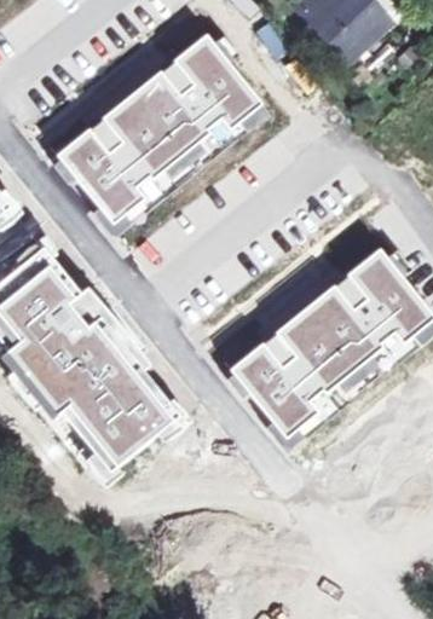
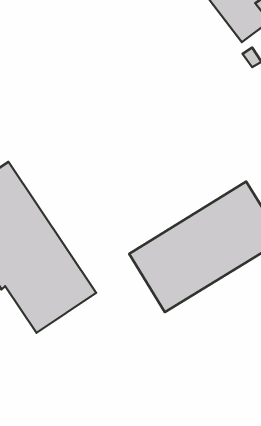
building: [62,35,259,216] -> none

